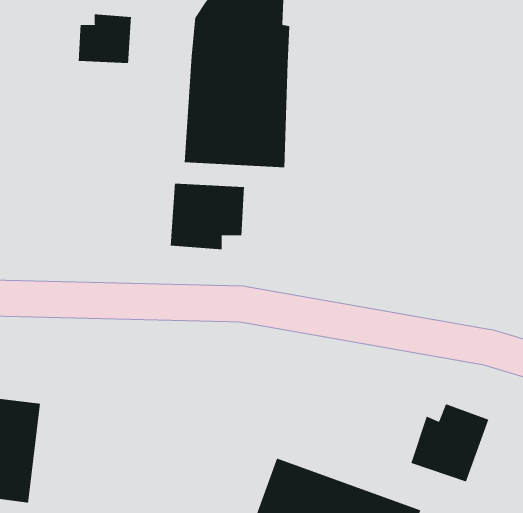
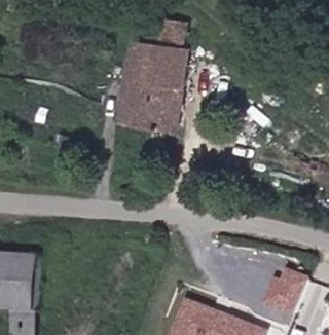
building: [78,14,132,64] -> none
building: [170,183,245,250] -> none

